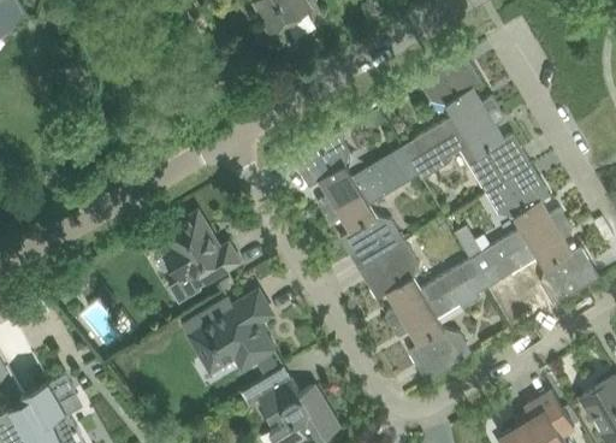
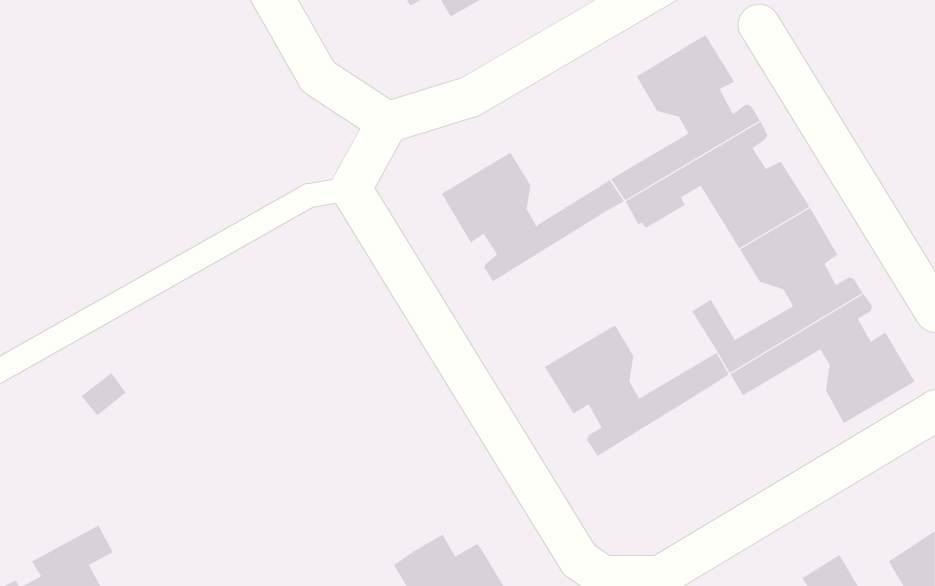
building: [324,161,419,270] -> none
building: [160,211,241,305] -> none
building: [392,274,487,383] -> none
building: [183,293,274,372] -> none

